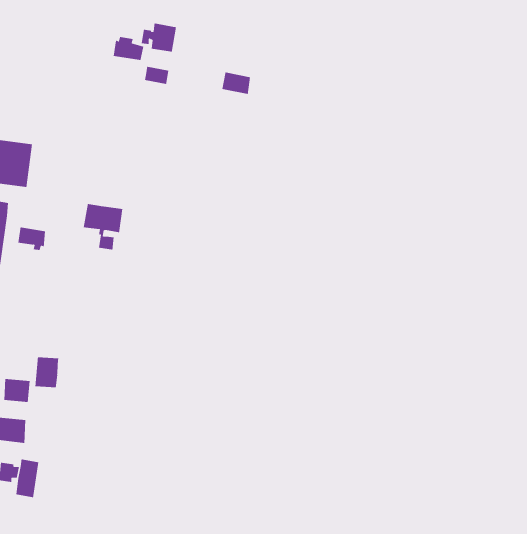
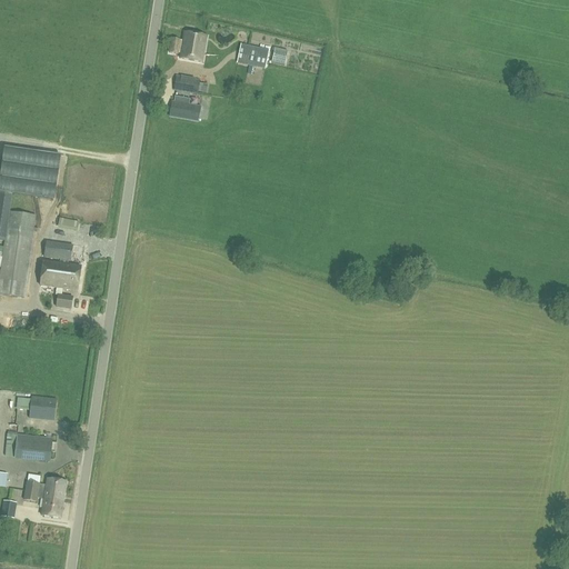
building: [113,37,144,60] -> [168,94,200,119]
building: [221,72,251,94] -> [236,42,266,66]
building: [83,204,123,250] -> [39,259,80,307]
building: [35,356,59,388] -> none

